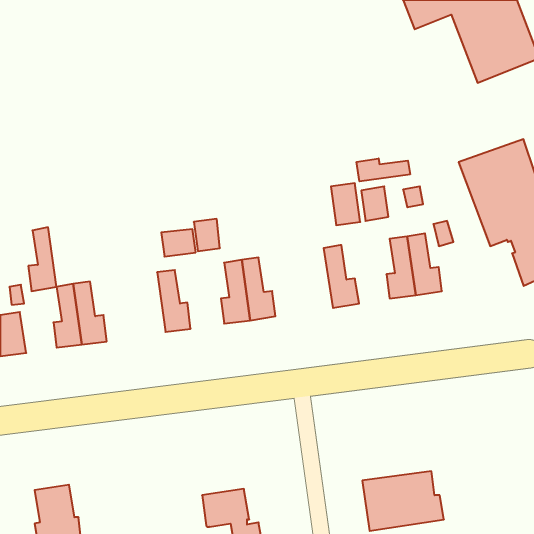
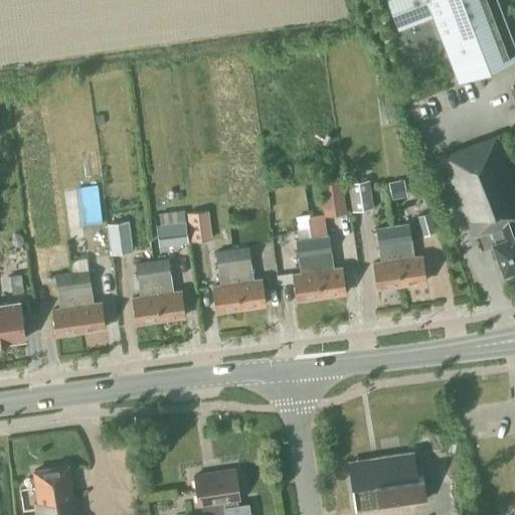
building: [357,158,410,181] -> none
building: [28,227,57,291] -> [133,263,160,324]
building: none -> [107,221,134,255]
building: none -> [293,239,321,301]

